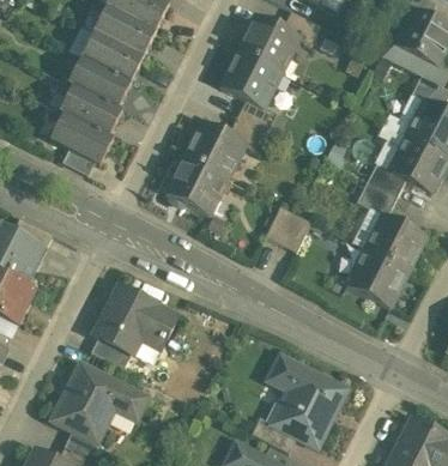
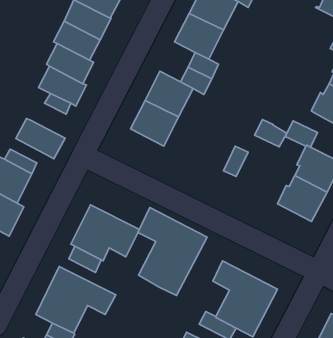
building: [365,164,405,198] -> [255,119,287,147]
building: none -> [16,118,65,159]
building: none -> [138,208,207,295]

